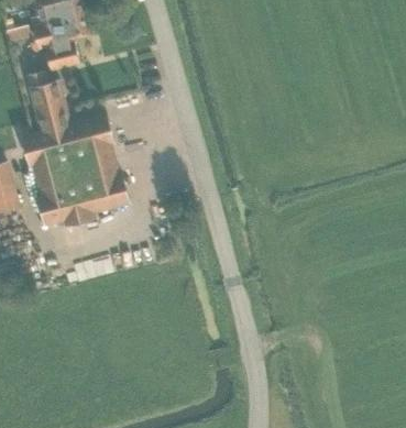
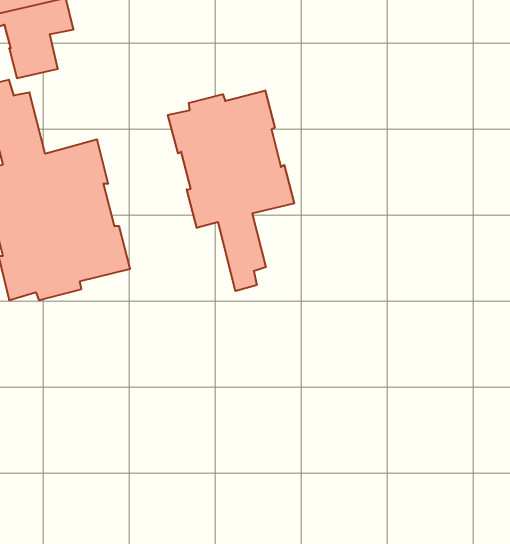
building: none -> [168,90,294,291]

